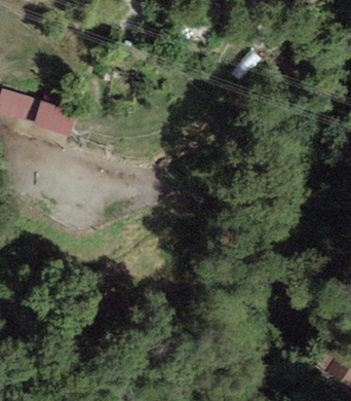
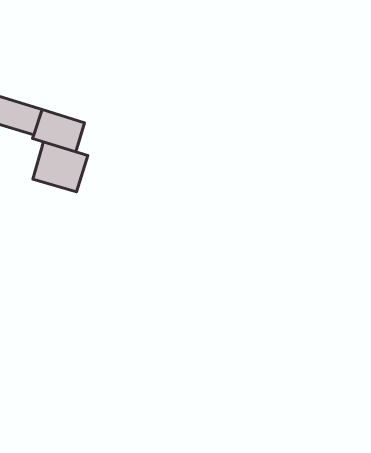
building: none -> [33,142,88,192]

